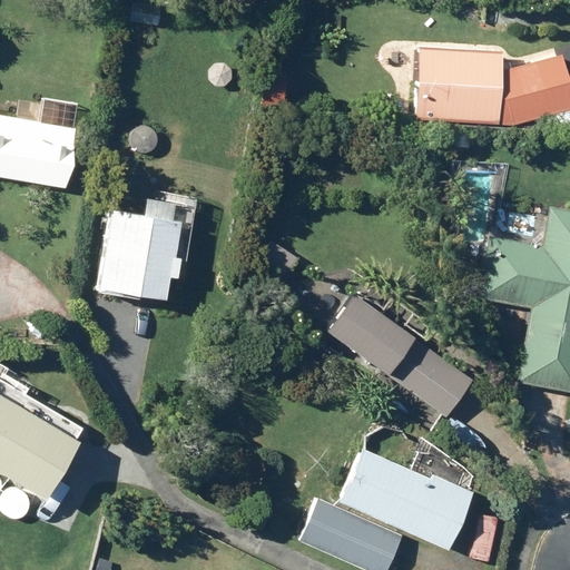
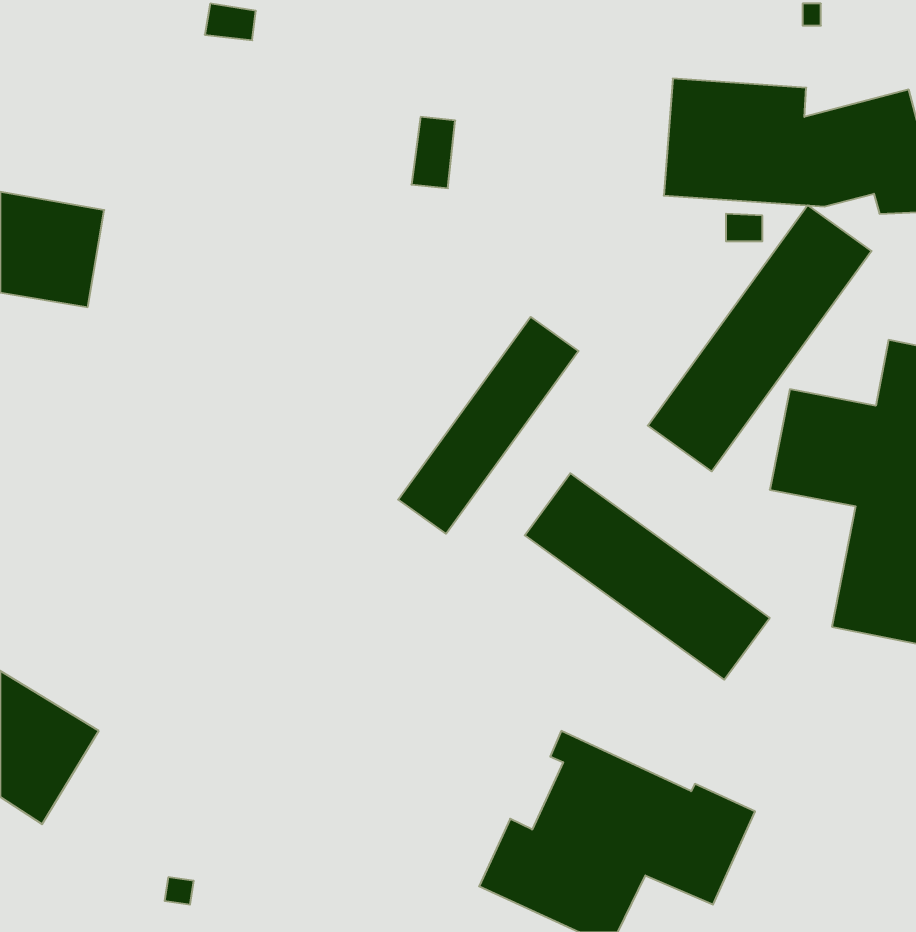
building: none -> [648,205,872,471]
building: none -> [398,317,579,534]
building: [95,202,176,301] -> none

